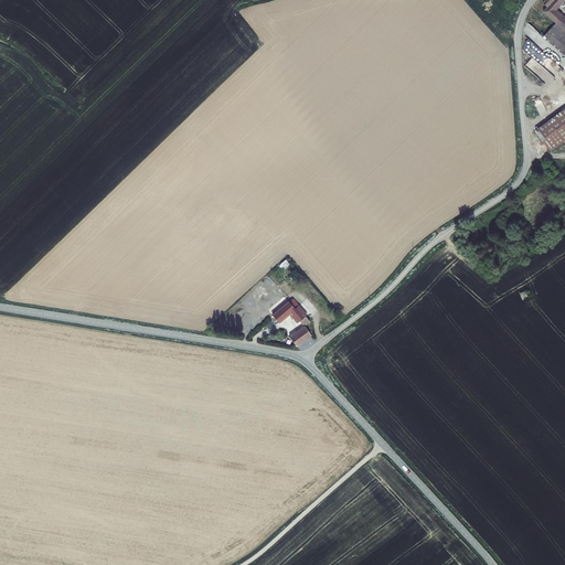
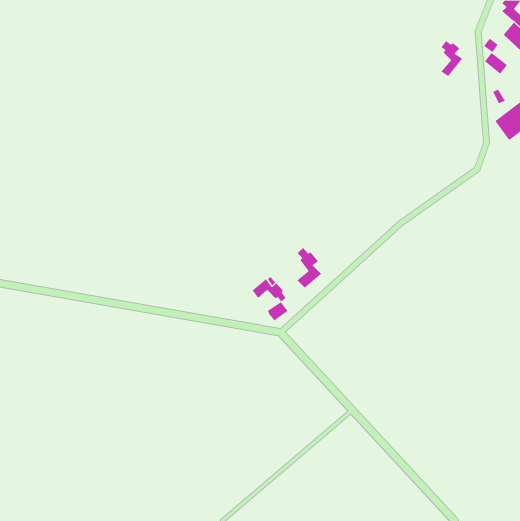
building: none -> [441,40,463,77]
building: none -> [297,247,322,289]

